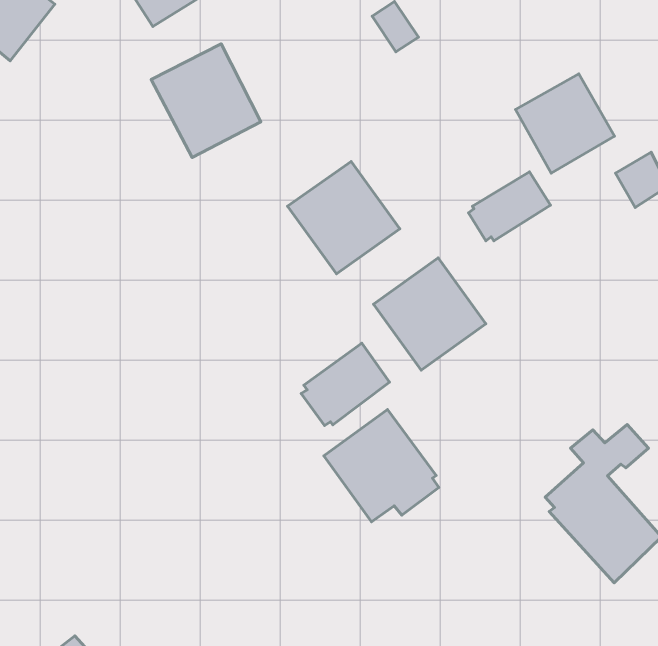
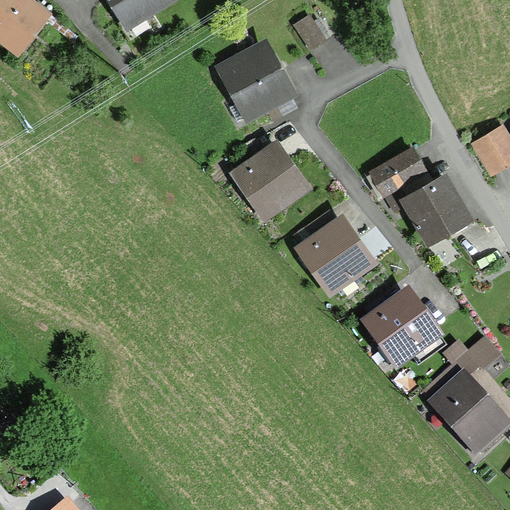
building: [151,44,261,157] -> [214,39,297,125]
building: [515,74,615,173] -> [399,168,474,243]
building: [301,343,389,426] -> none
building: [324,410,439,522] -> [359,284,446,369]

